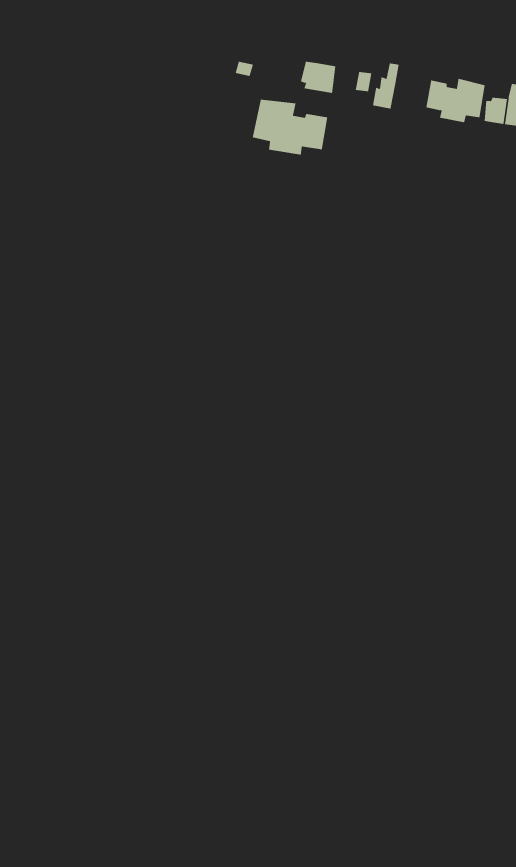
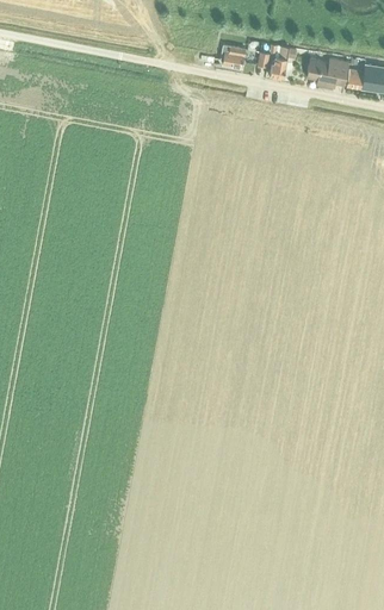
building: [252,99,328,156] -> none

